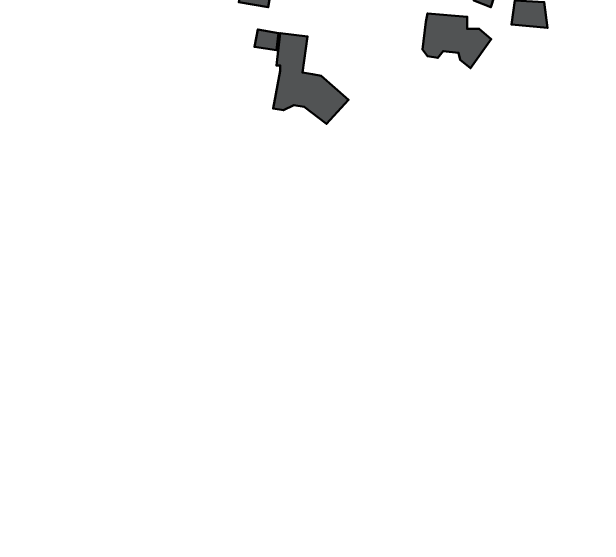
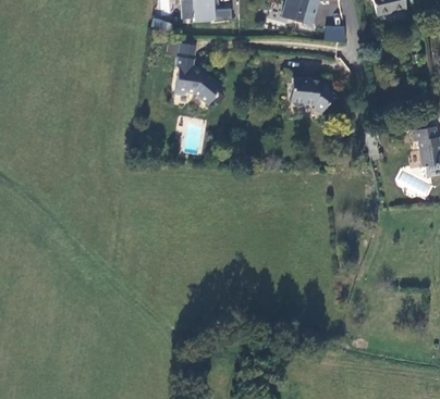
building: [422,13,491,68] -> [291,77,334,112]

